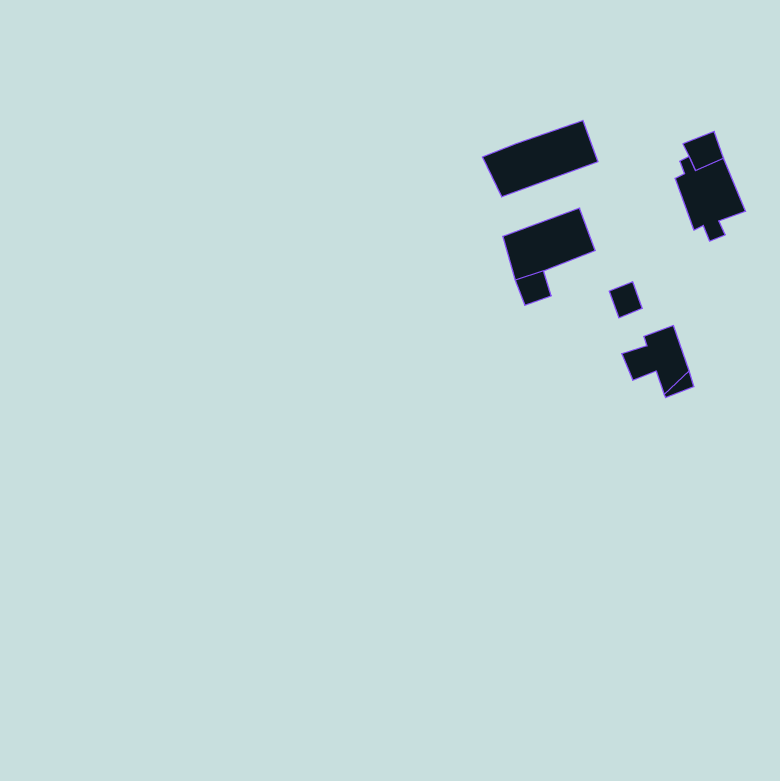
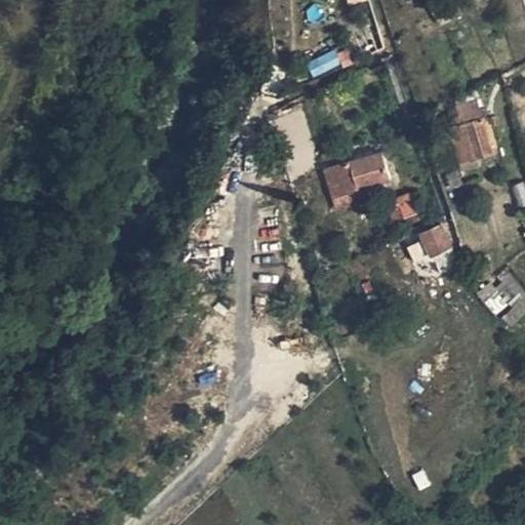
building: [483,120,598,197] -> none

